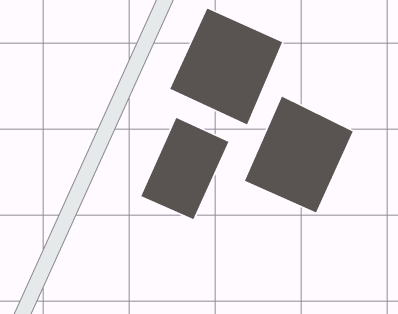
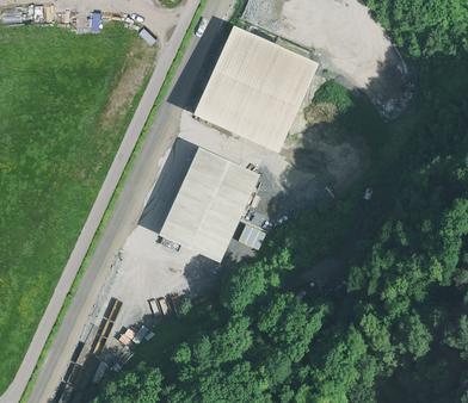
building: [244,96,354,214] -> none

